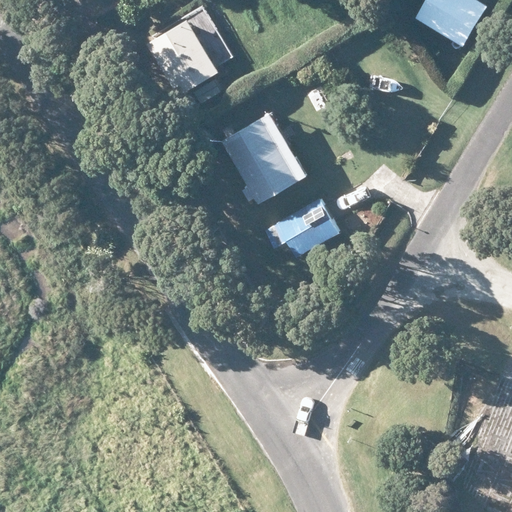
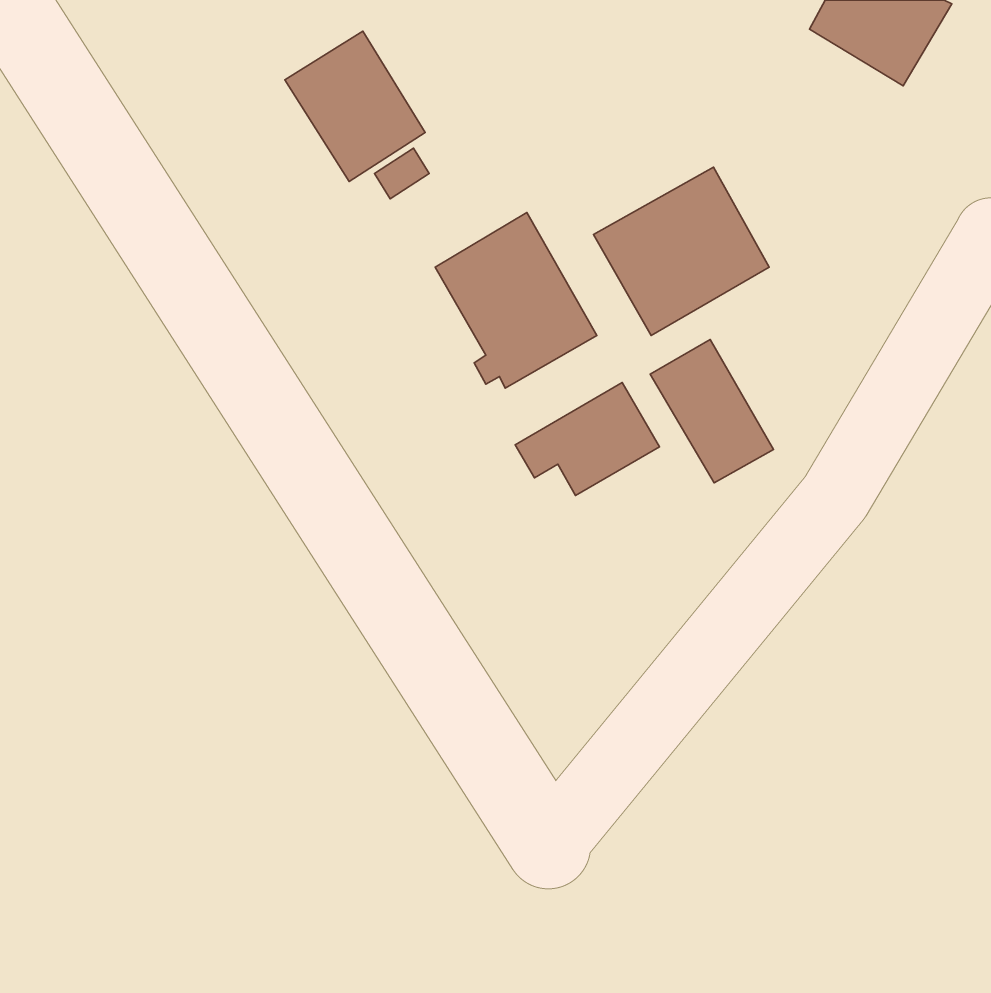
building: none -> [594,167,769,336]
building: none -> [650,339,774,483]

